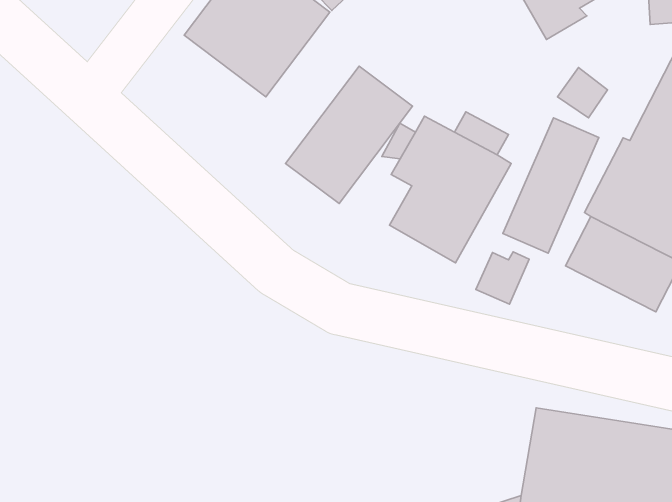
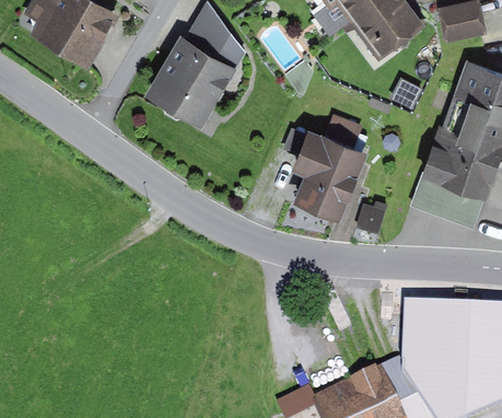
building: [286,66,413,204] -> none
building: [503,118,599,253] -> none

